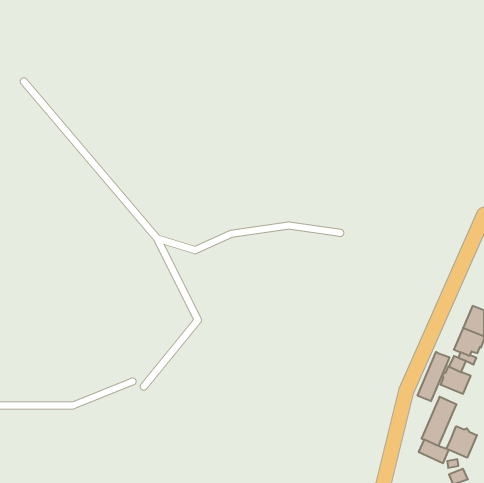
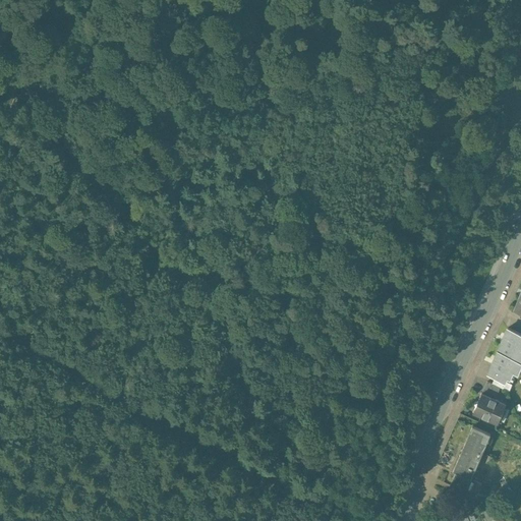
building: [418,352,449,401] -> none
building: [447,426,477,458] -> none

